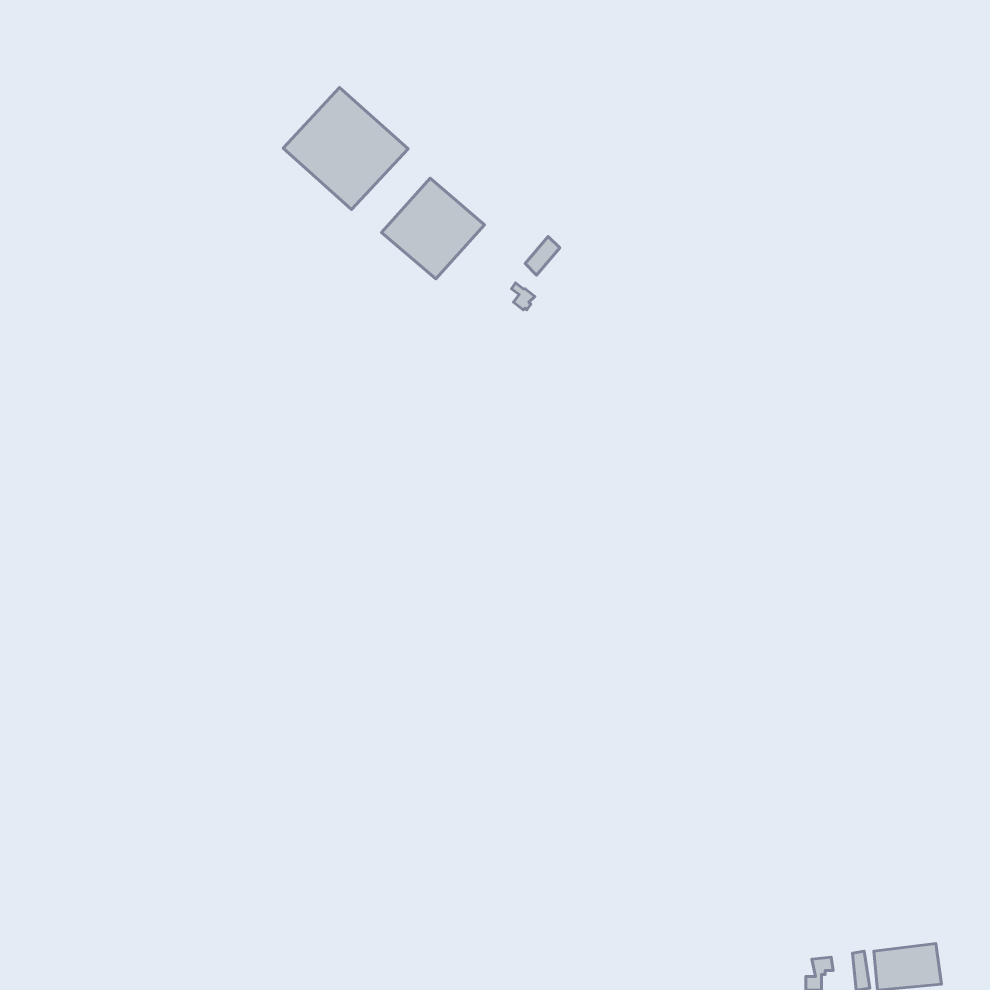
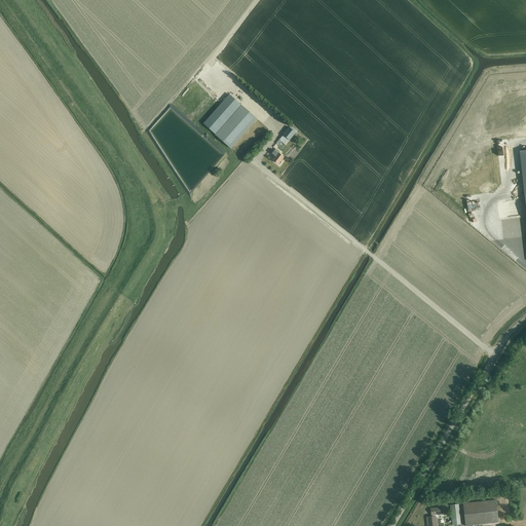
building: [283,88,408,209] -> none

